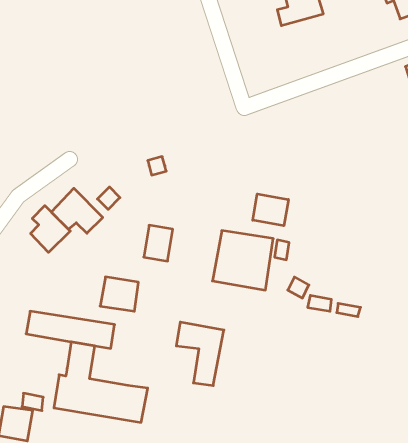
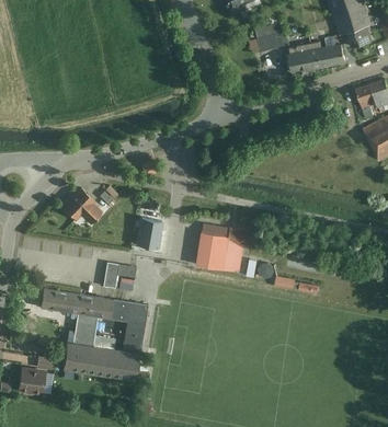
building: none -> [287,36,342,72]
building: [253,194,288,226] -> none
building: [31,206,70,252] -> none
building: [176,322,224,386] -> [111,300,150,353]

